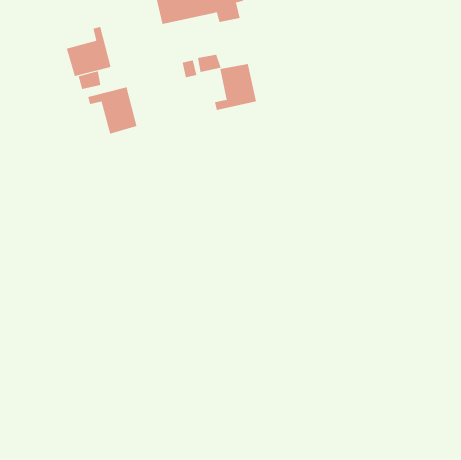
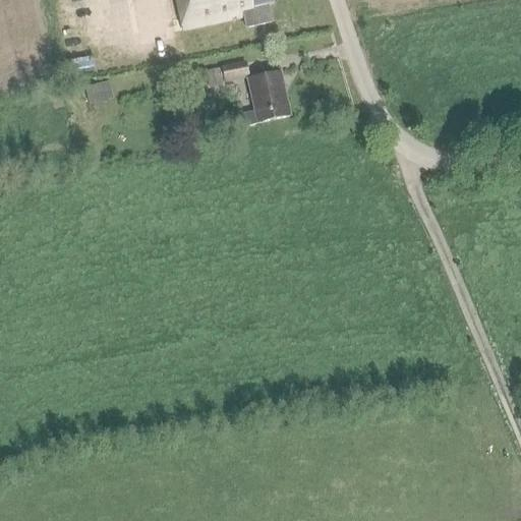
building: [66,26,111,77] -> none
building: [88,86,137,135] -> none

